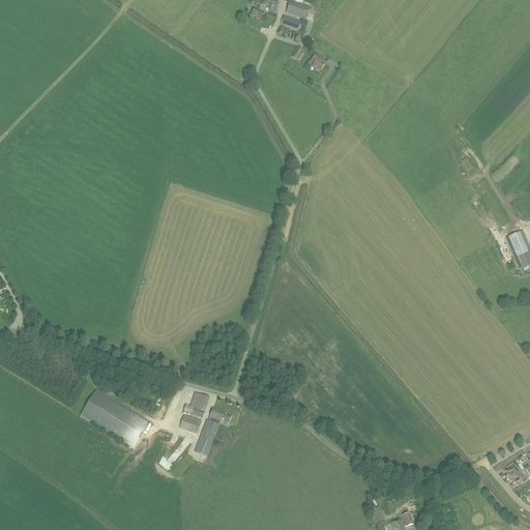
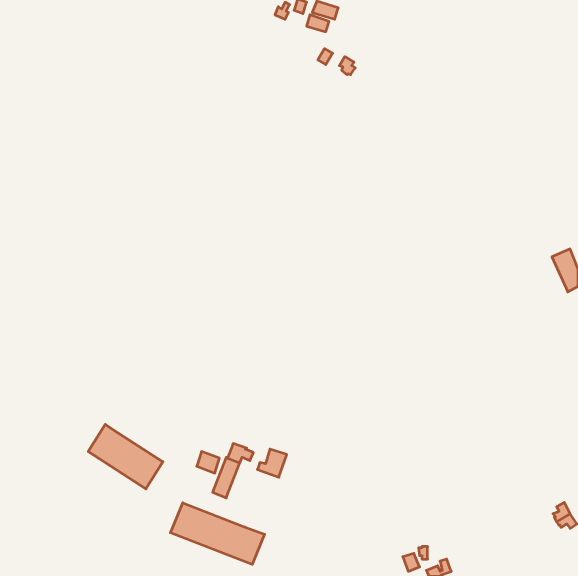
building: [183,391,210,417] -> [257,449,287,477]
building: none -> [170,503,265,564]

